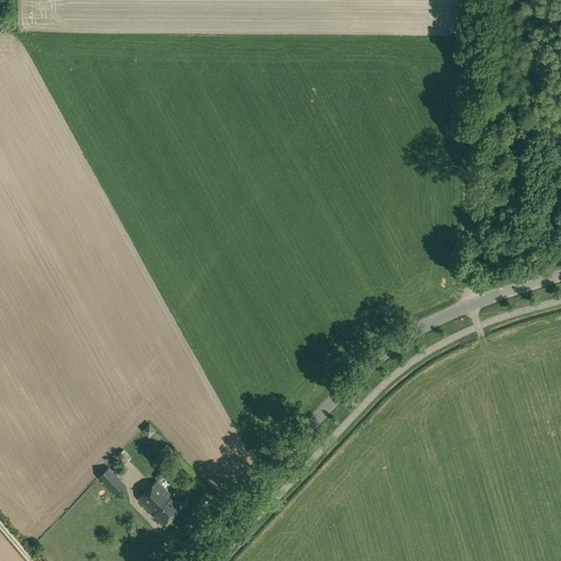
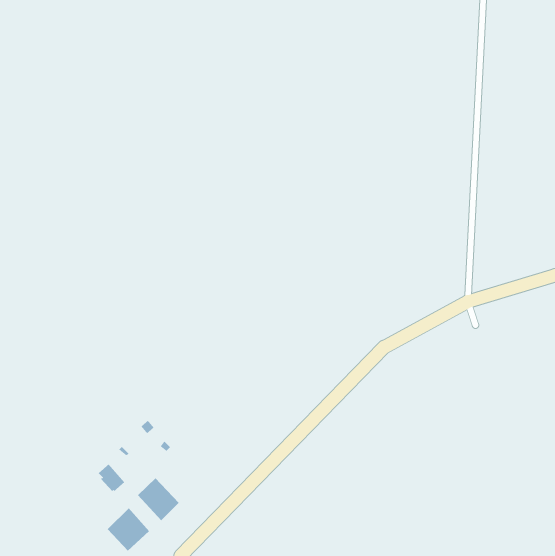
building: none -> [107,508,150,551]

